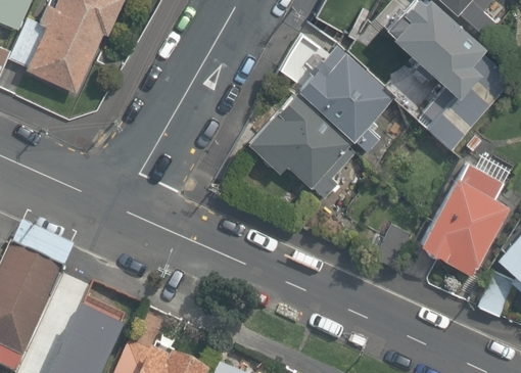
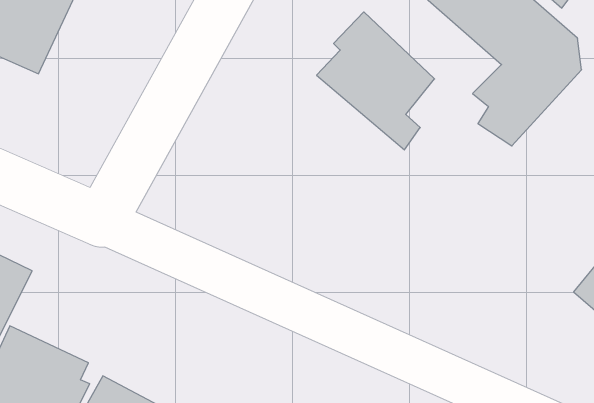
building: [250,96,353,200] -> none
building: [417,159,507,272] -> none

